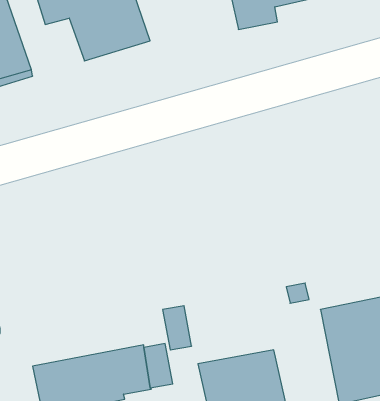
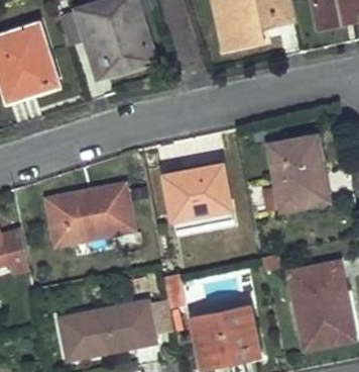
building: none -> [270,137,328,209]
building: none -> [164,166,230,219]
building: none -> [47,184,135,245]

